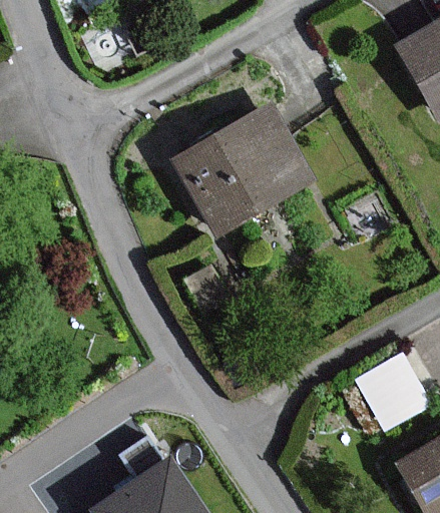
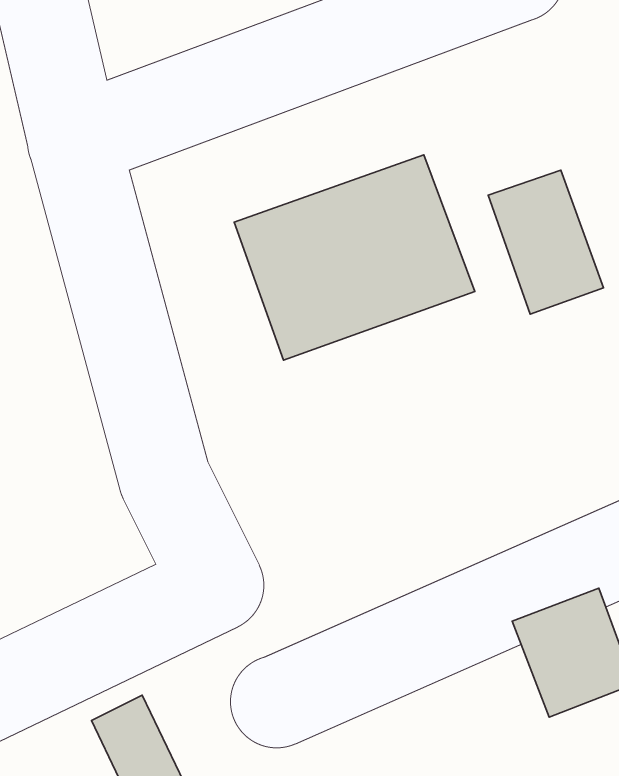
building: none -> [488,170,604,314]

